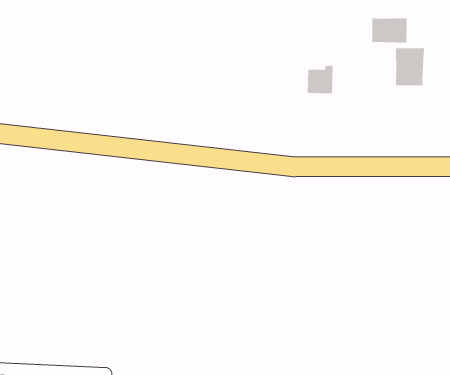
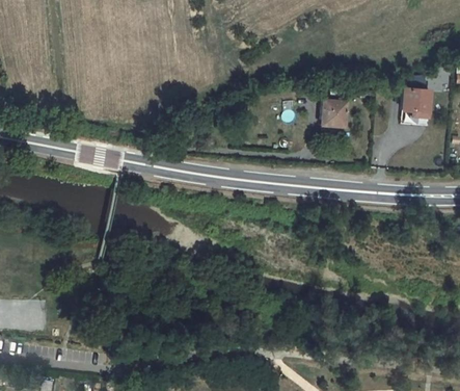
building: [372,18,407,44] -> none

